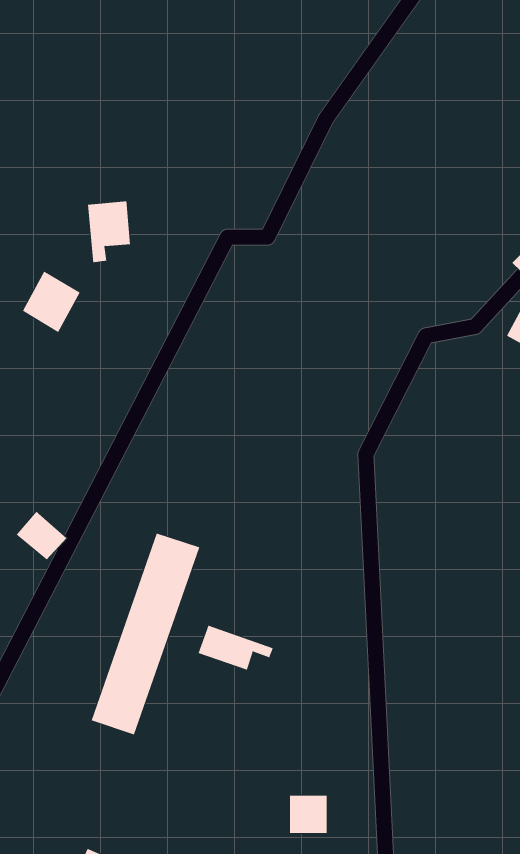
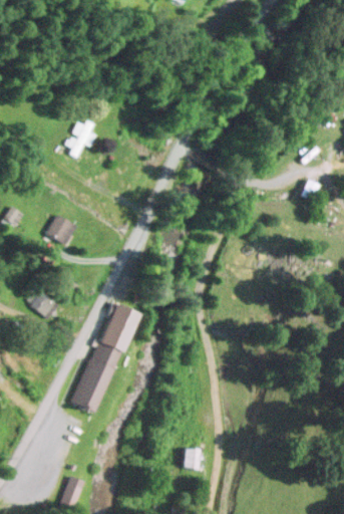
building: [22,271,80,333] -> [44,213,76,247]
building: [198,625,274,671] -> none

